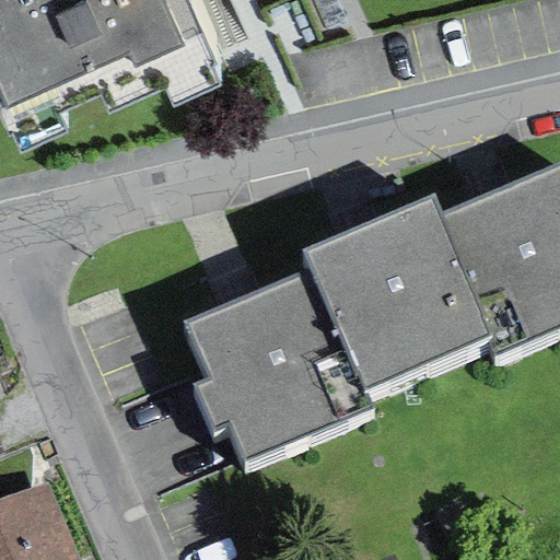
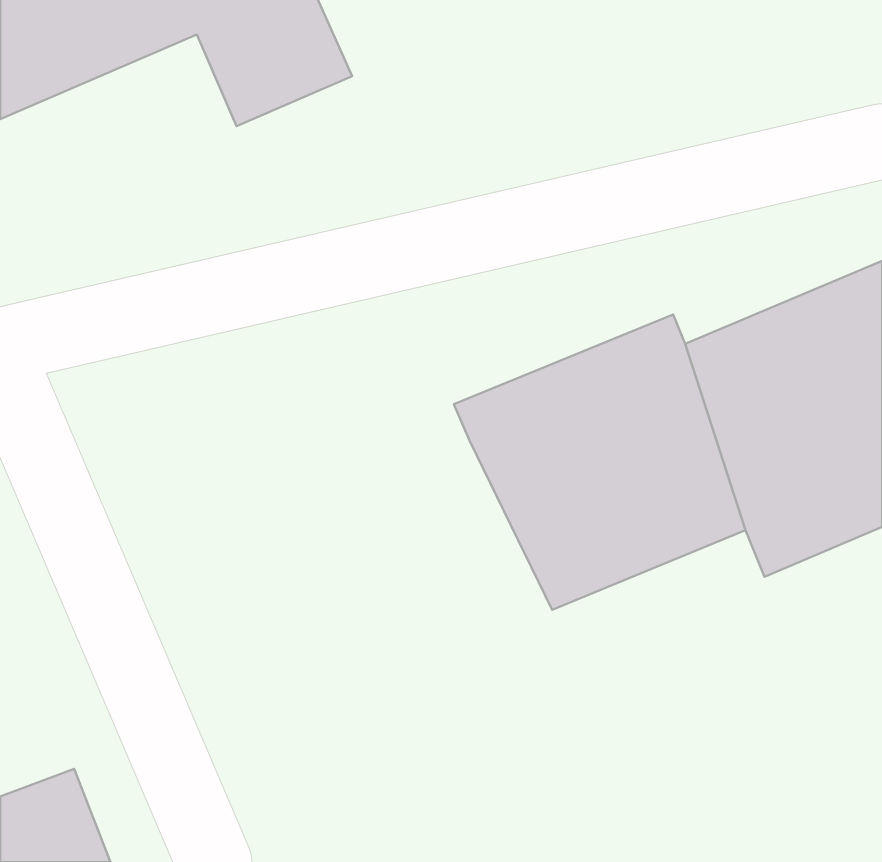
building: [178,279,361,466] -> none

